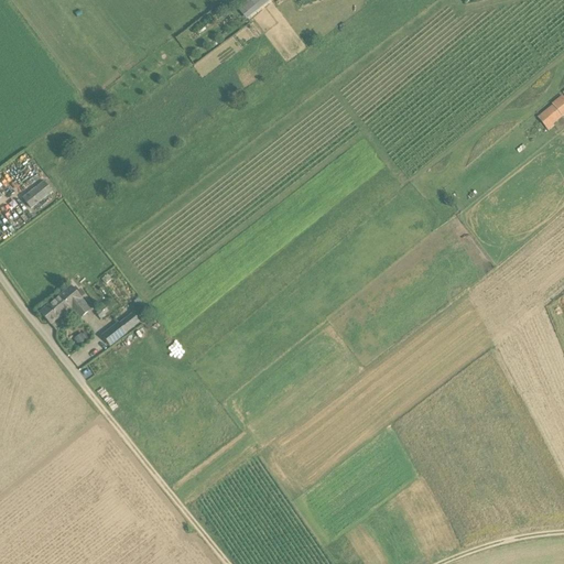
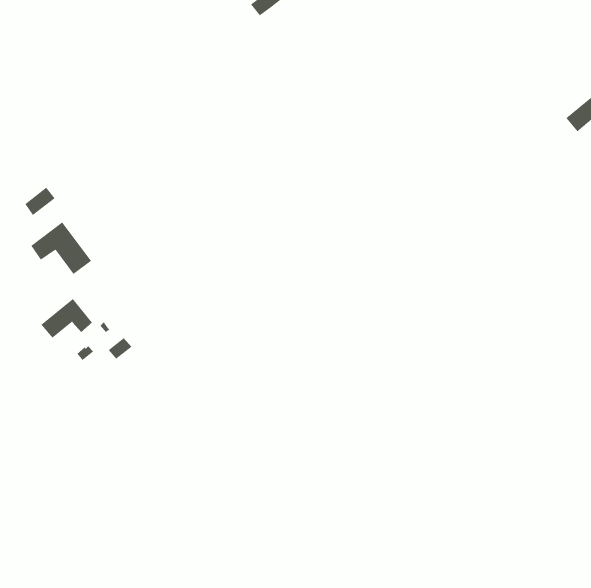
building: none -> [31,221,92,275]

